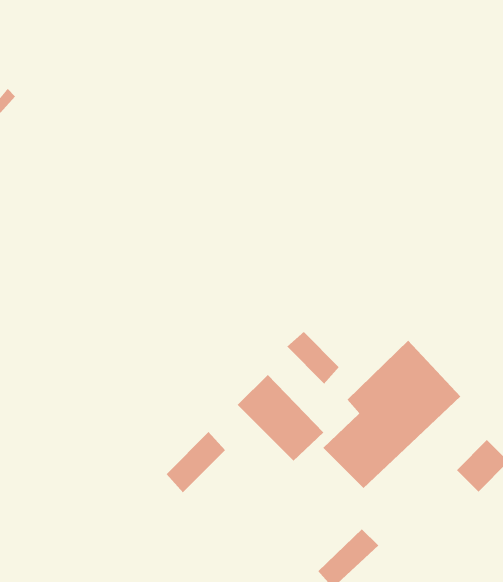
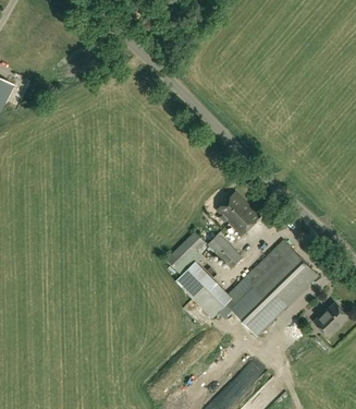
building: none -> [216,190,260,234]
building: [166,431,226,493] -> [167,231,205,270]

